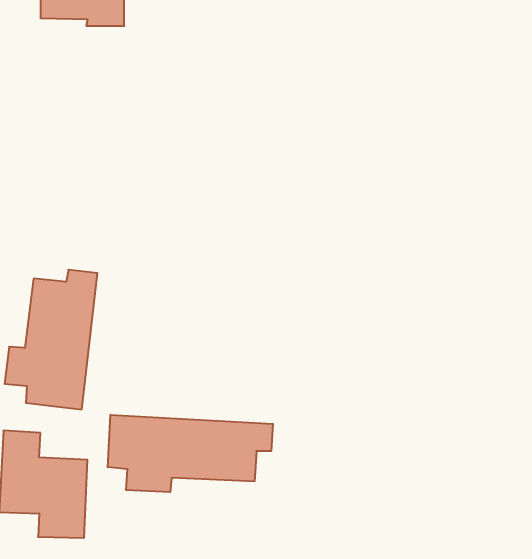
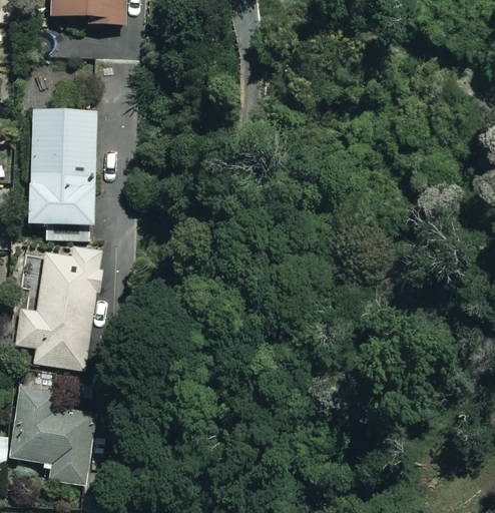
building: none -> [27,109,96,224]
building: [108,415,273,492] -> none

